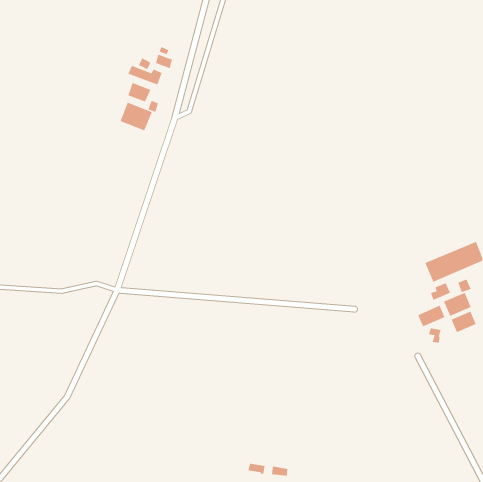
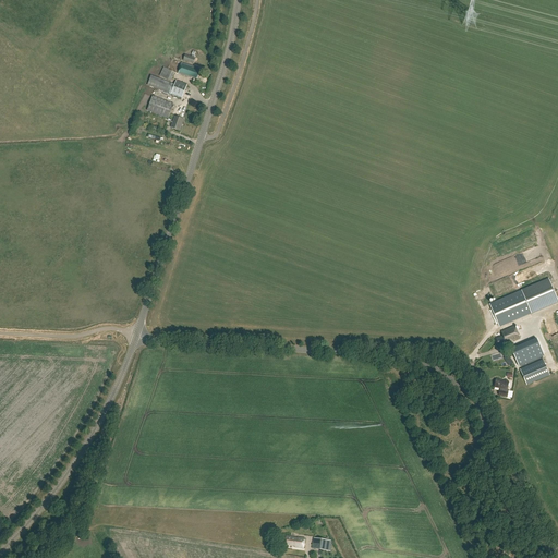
building: [120,102,152,131] -> none
building: [417,305,445,327] -> none

